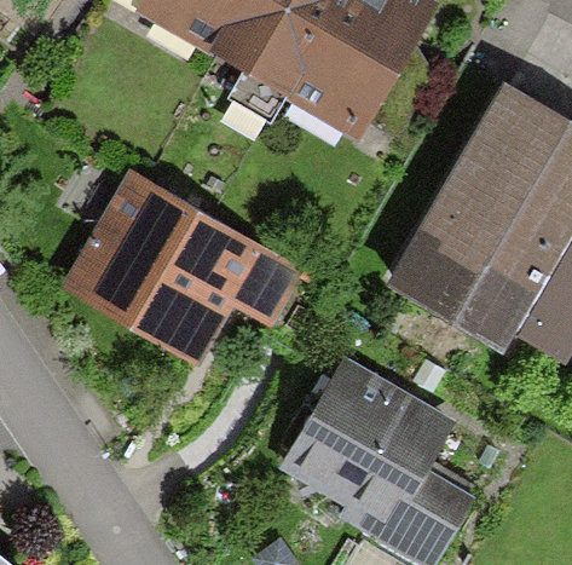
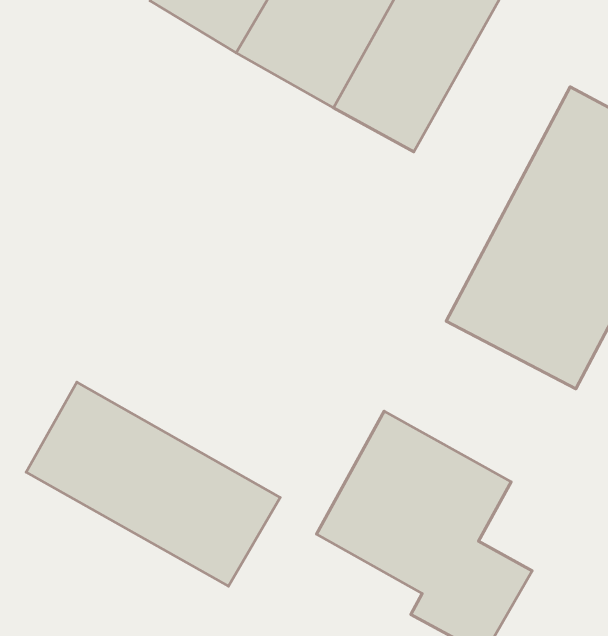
building: [71,177,295,358] -> none
building: none -> [26,382,280,586]

